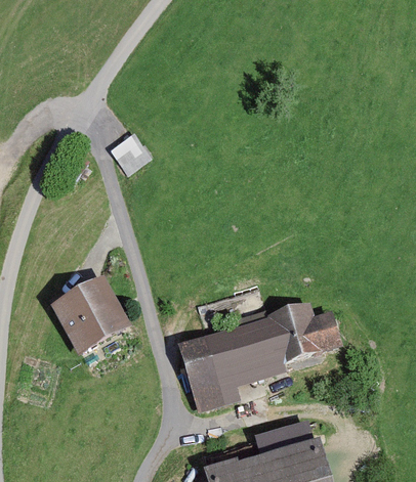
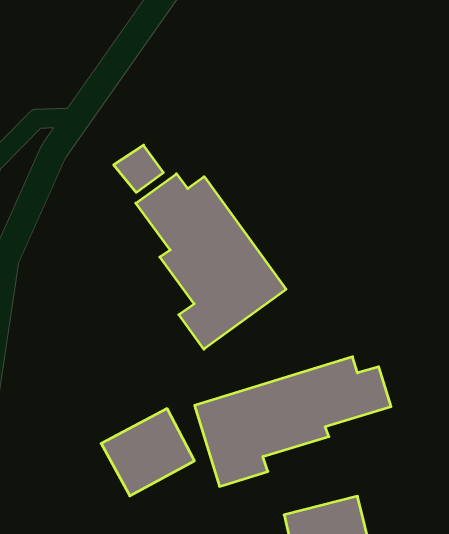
building: none -> [136,174,286,349]
building: [49,278,126,350] -> [101,409,194,496]

